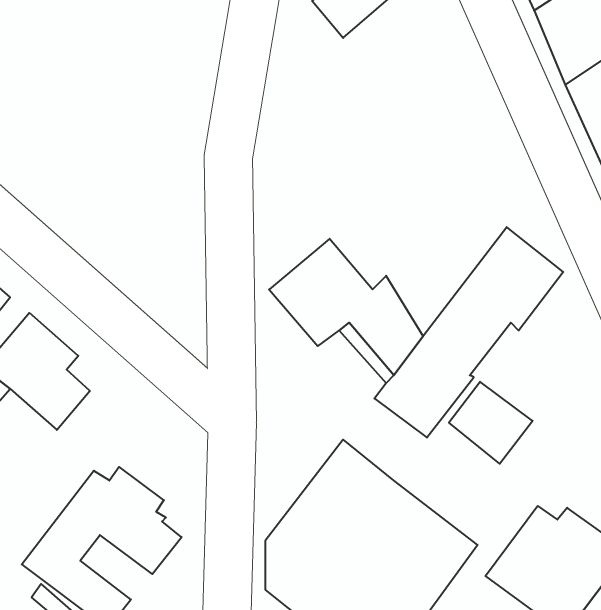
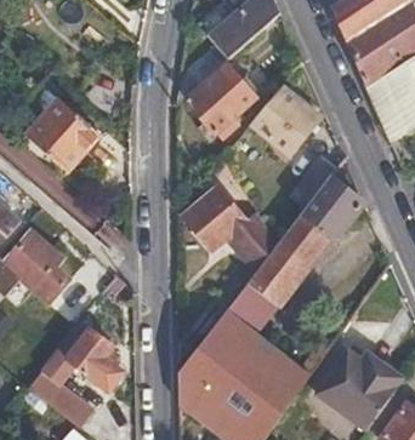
building: none -> [184,63,257,135]
building: none -> [249,85,323,158]
building: none -> [23,97,101,172]
building: [449,382,533,464] -> [227,284,279,335]

